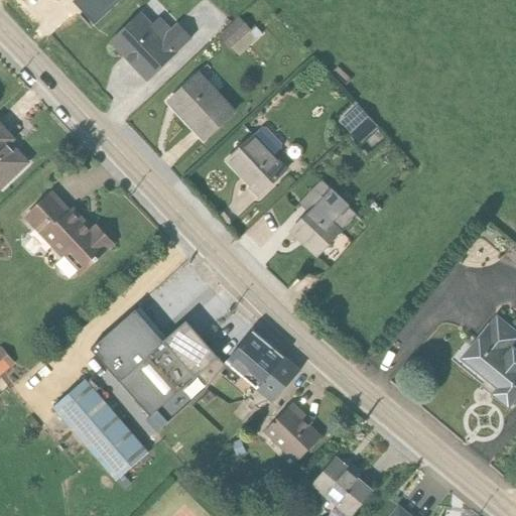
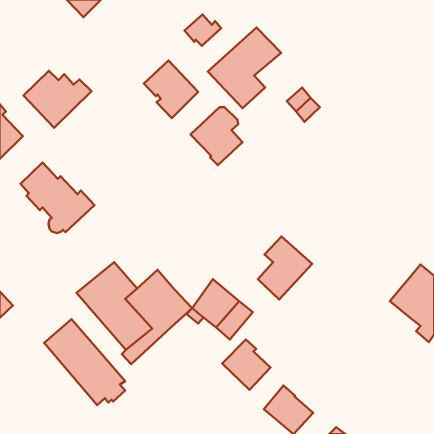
building: [111,12,191,80] -> [23,71,92,128]
building: none -> [208,27,281,108]
building: [291,180,356,255] -> [258,237,312,299]

